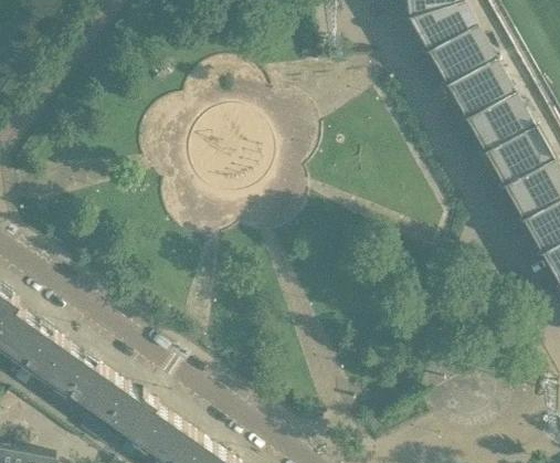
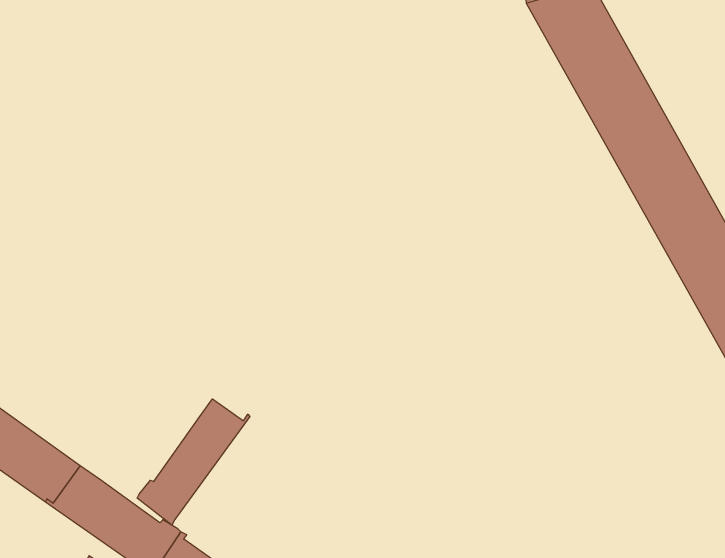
building: none -> [137,399,250,525]

